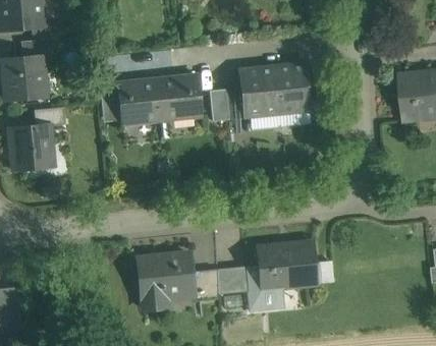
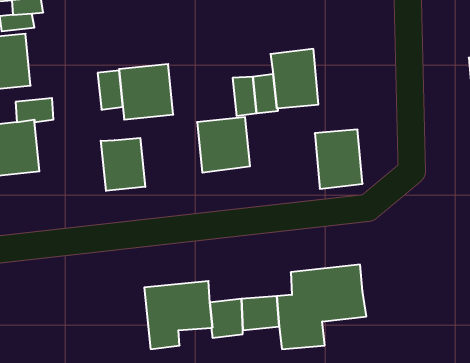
building: [275,64,314,112] -> [315,130,363,189]
building: [158,75,201,120] -> [197,117,250,173]
building: none -> [101,138,145,191]

